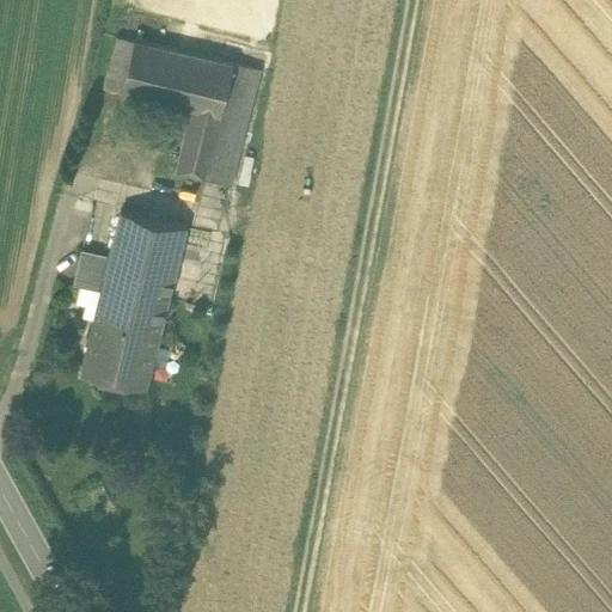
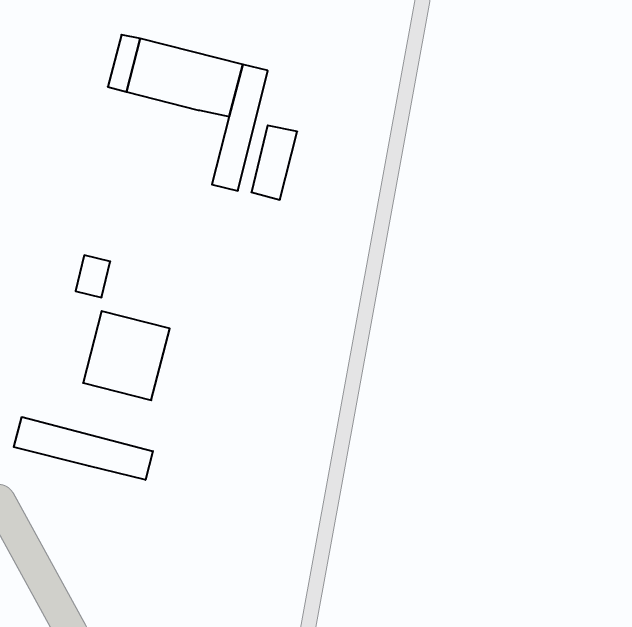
building: [177,112,221,184] -> [251,125,297,200]
building: [98,214,186,323] -> none
building: none -> [14,417,153,480]

